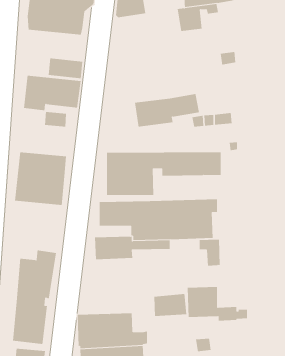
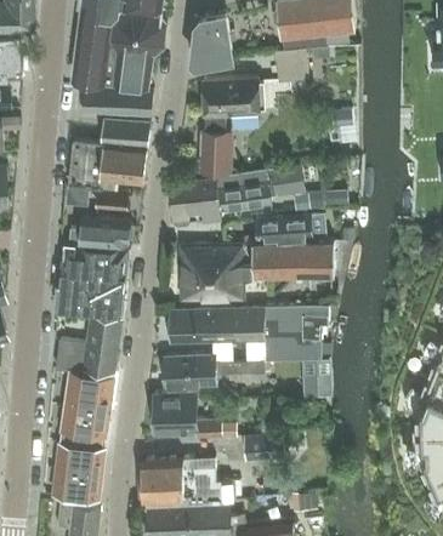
building: none -> [198,79,261,172]
building: none -> [81,86,153,116]
building: none -> [172,178,221,218]
building: none -> [256,215,325,239]
building: none -> [80,216,134,247]
building: none -> [56,315,121,374]
building: [187,287,248,321] -> [154,393,235,439]

